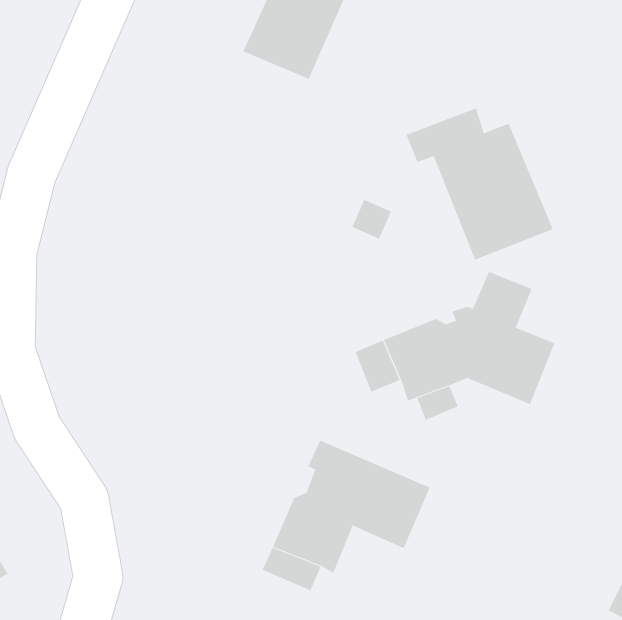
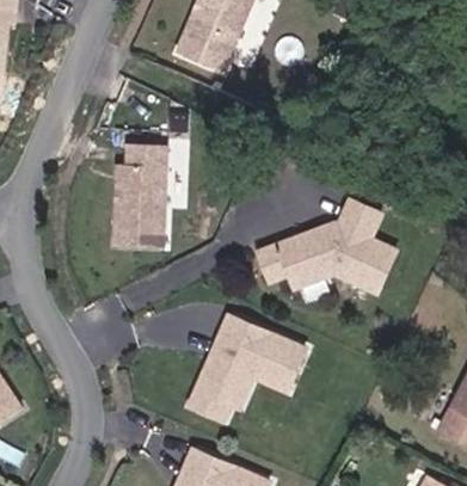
building: [406,107,554,260] -> none
building: none -> [116,143,170,246]

